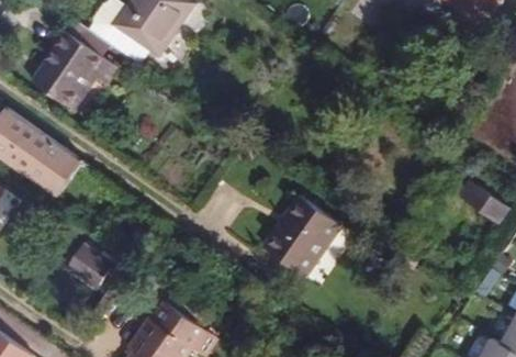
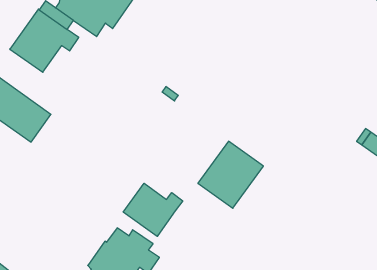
building: [66,245,109,287] -> none
building: none -> [123,183,183,236]

